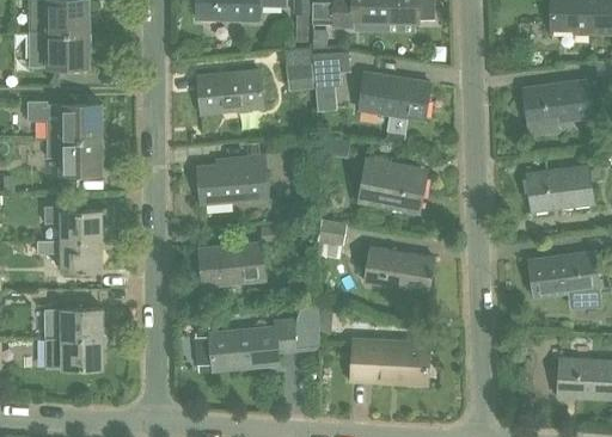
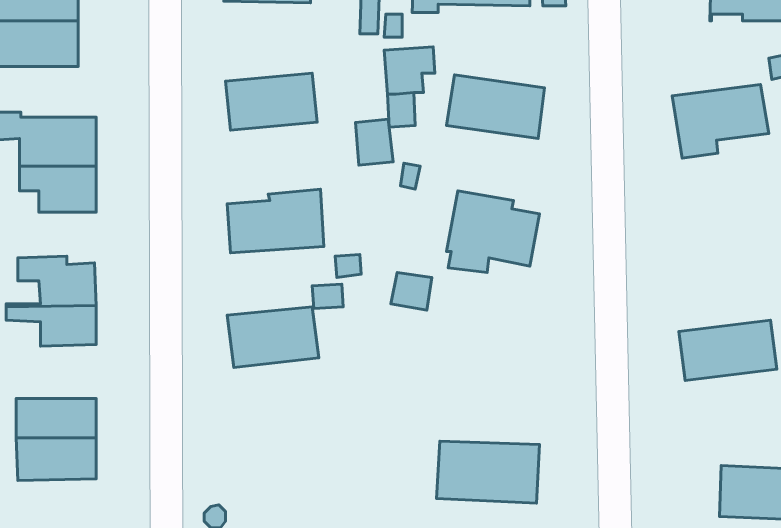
building: [284,45,312,79] -> [356,119,393,165]
building: [526,166,593,211] -> none
building: [362,246,434,293] -> none
building: [208,302,320,370] -> none

